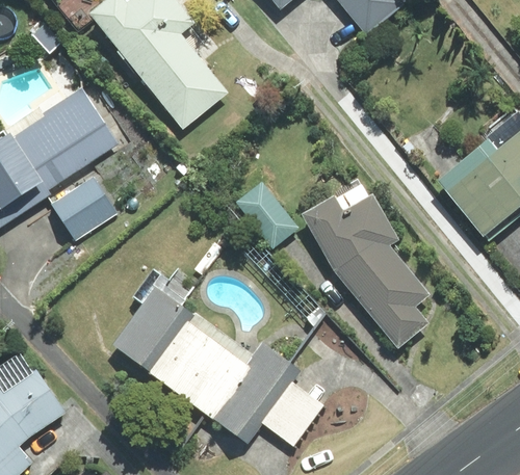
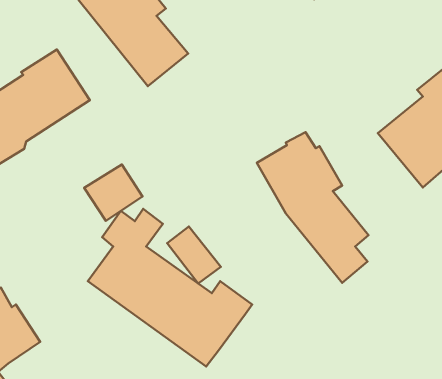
building: [51,178,115,240] -> [84,165,142,221]
building: [237,183,296,246] -> [167,226,221,284]
building: [260,381,322,446] -> none

